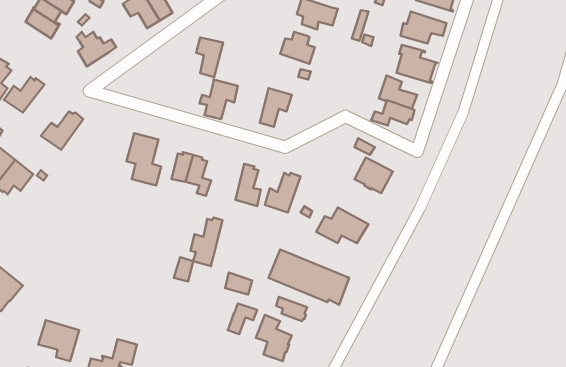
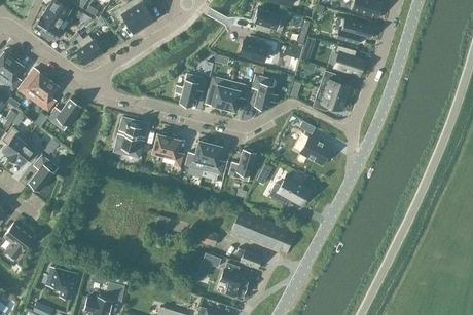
building: [196,37,223,77] -> [209,77,230,109]
building: none -> [252,76,277,109]
building: none -> [33,78,59,112]
building: none -> [29,156,58,192]
building: [191,218,223,266] -> [185,140,211,179]

